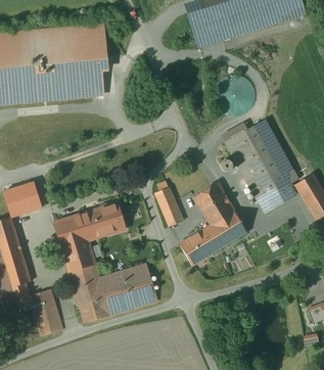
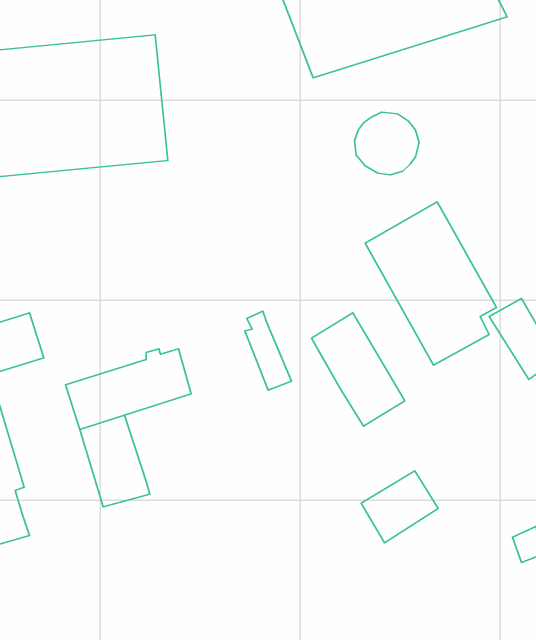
building: [179,225,223,266] -> [361,471,438,543]
building: [75,264,157,322] -> none
building: [29,290,62,335] -> none

